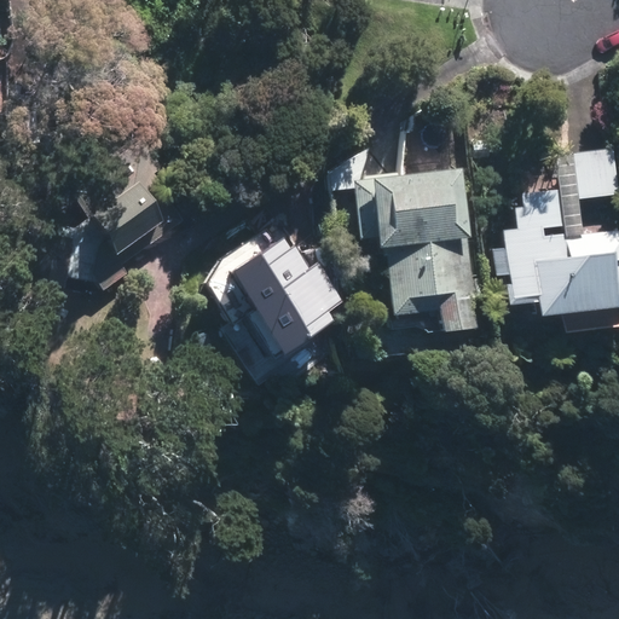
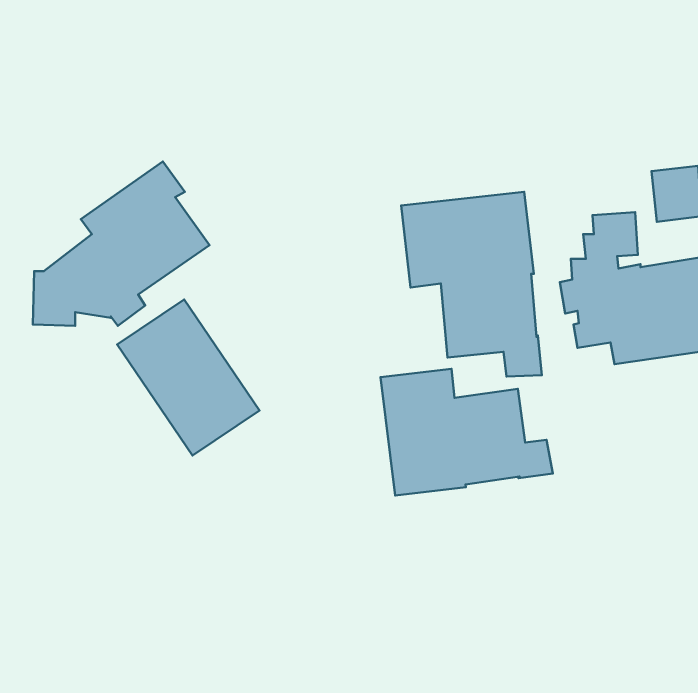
building: [209,227,335,365] -> [117,299,259,456]
building: none -> [381,369,553,495]

